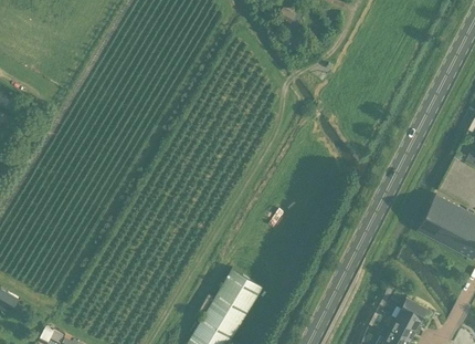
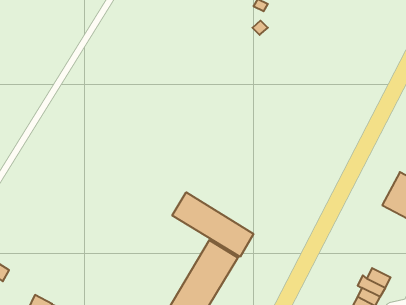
building: none -> [172,192,253,257]

